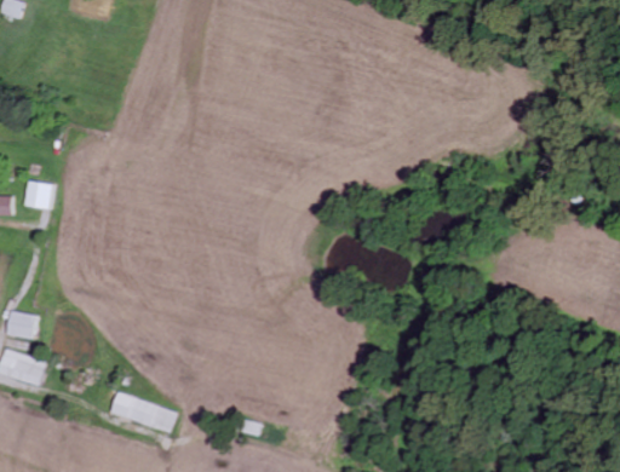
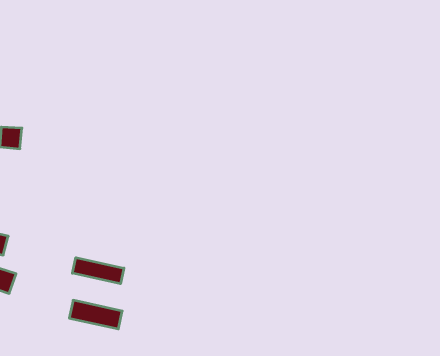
building: none -> [72,258,124,284]

